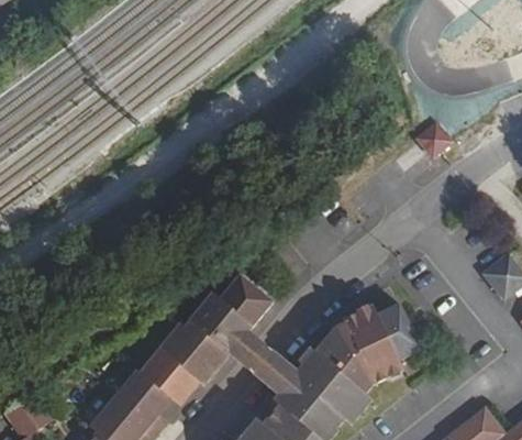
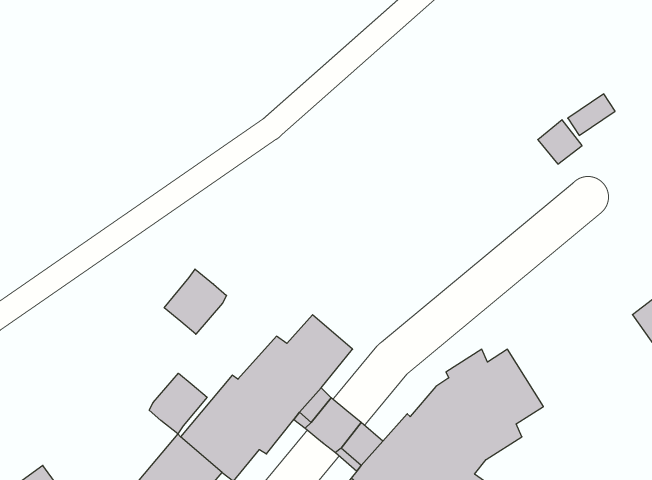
building: none -> [164,269,227,334]
building: none -> [149,373,207,434]

